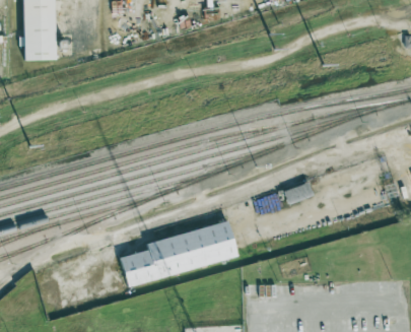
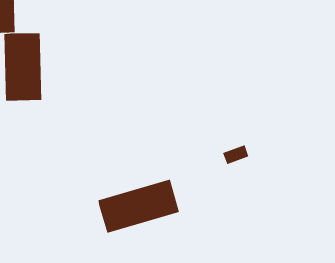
building: none -> [4,32,42,102]
building: [120,249,157,287] -> none

